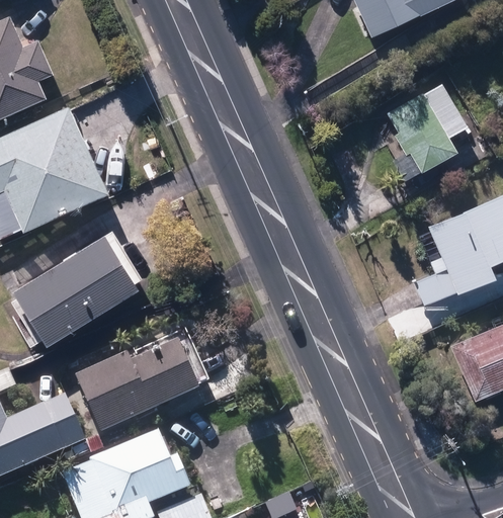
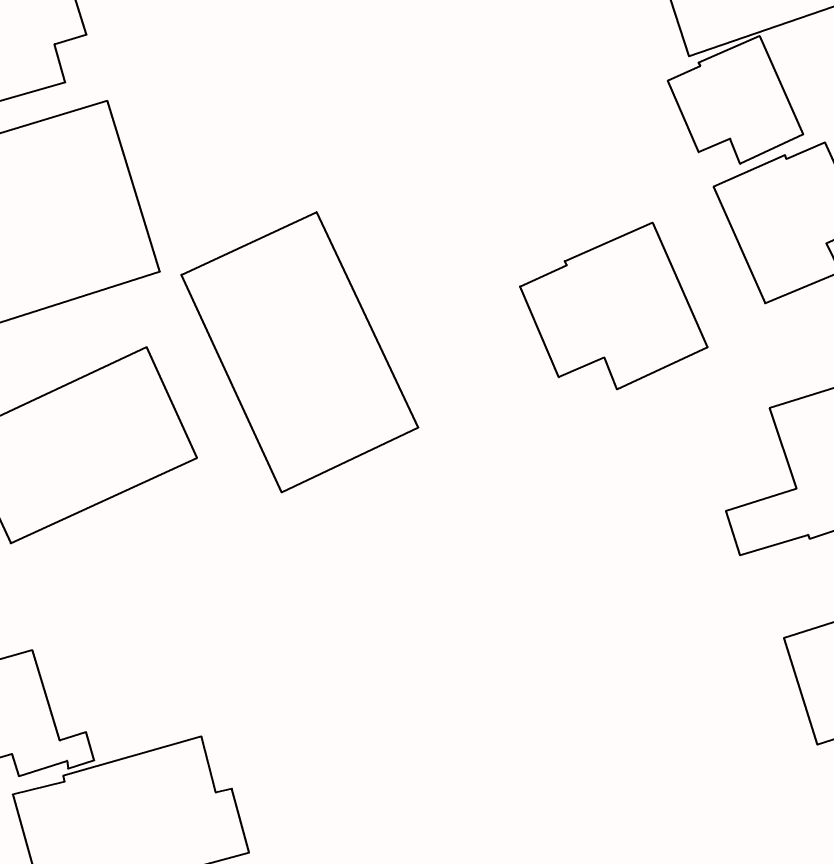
building: none -> [668,36,803,164]
building: none -> [520,223,708,389]
building: none -> [181,212,418,492]
building: [75,343,197,435] -> none

